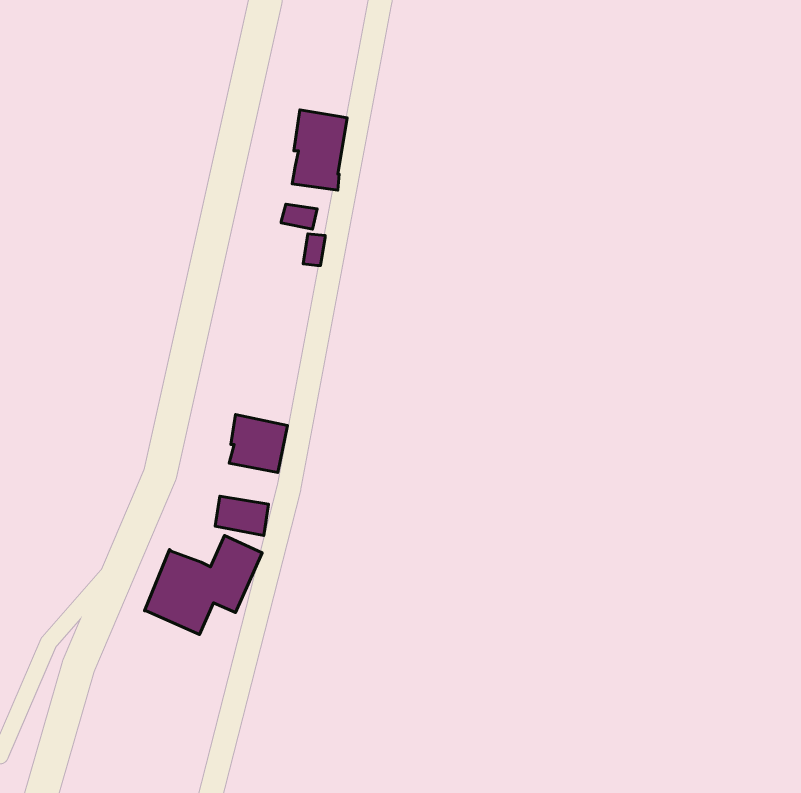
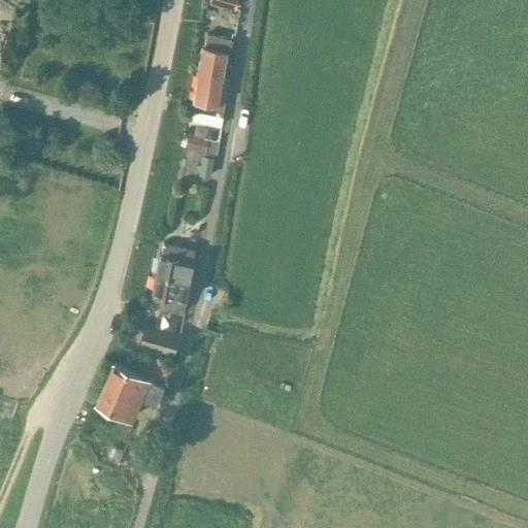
building: none -> [198,40,232,82]
building: none -> [156,249,196,286]

